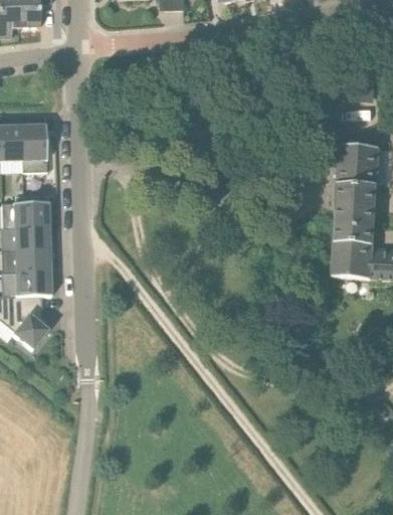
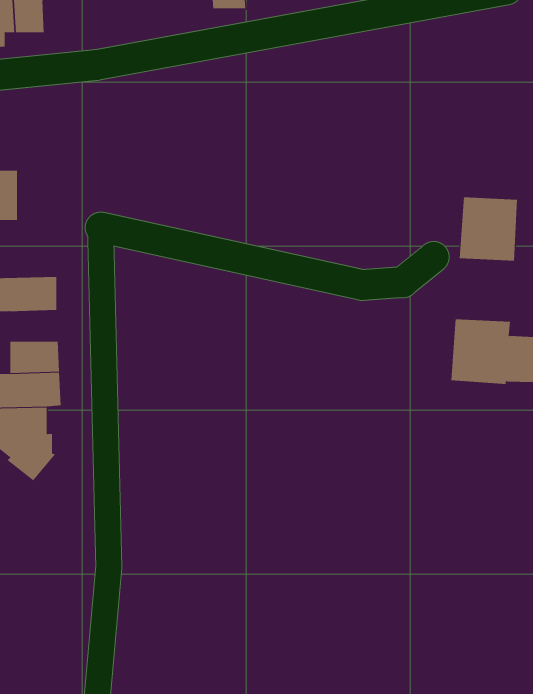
building: [21,123,46,171] -> none
building: [334,188,377,233] -> none
building: [13,225,49,247] -> none

